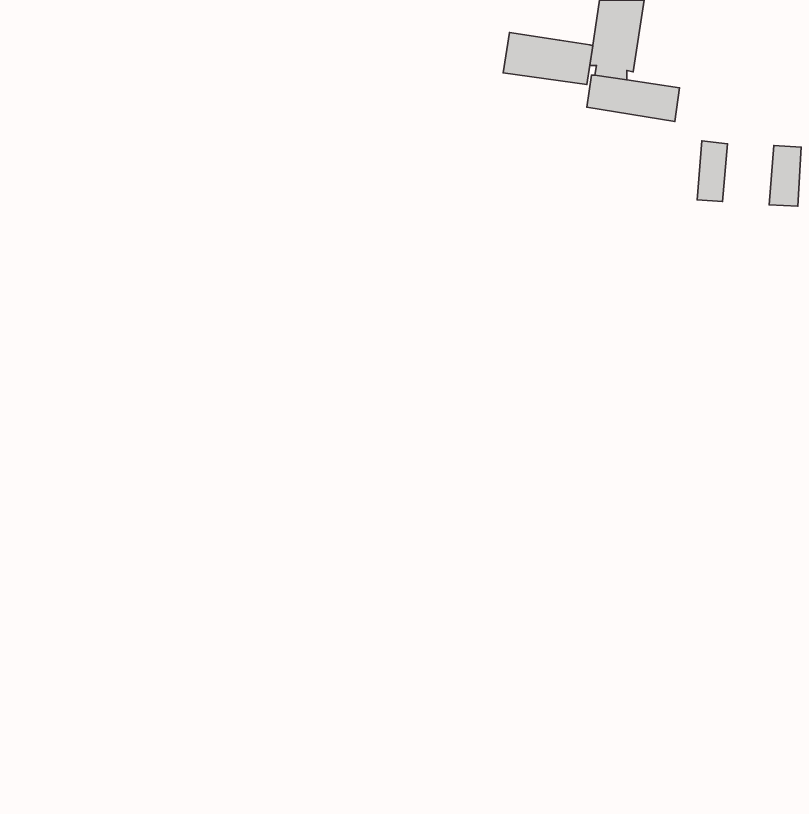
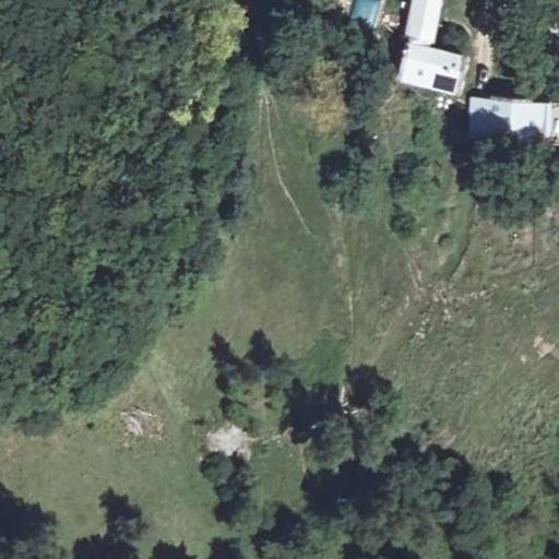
building: [503,33,593,84] -> none
building: none -> [493,97,528,143]

